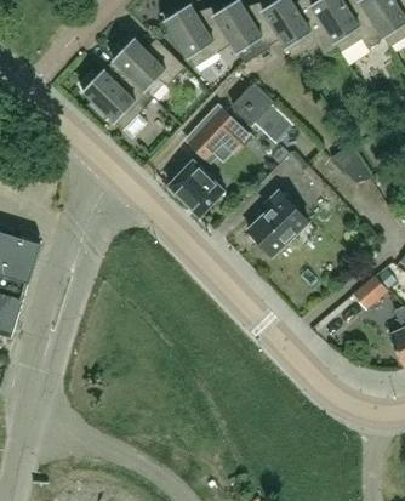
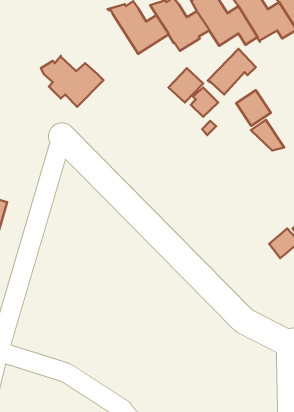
building: [109,39,186,97] -> none
building: [187,108,244,163] -> [208,49,256,95]
building: none -> [236,90,271,126]
building: [169,160,226,216] -> none
building: [249,192,307,255] -> none

